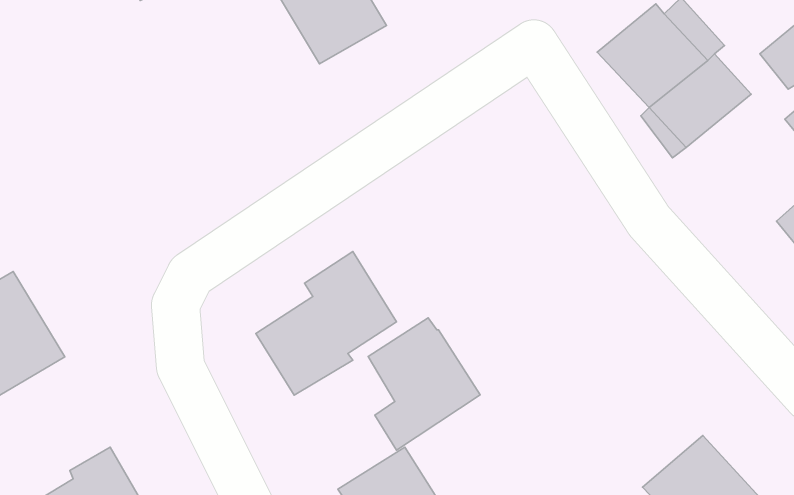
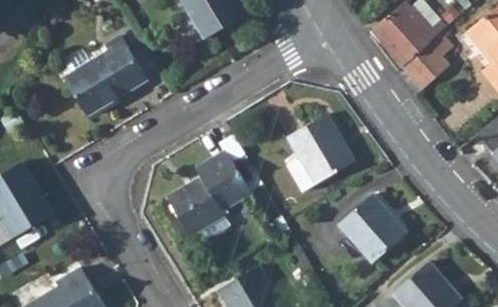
building: none -> [63,36,143,116]
building: [368,318,480,450] -> [288,112,355,192]
building: none -> [340,193,410,261]

